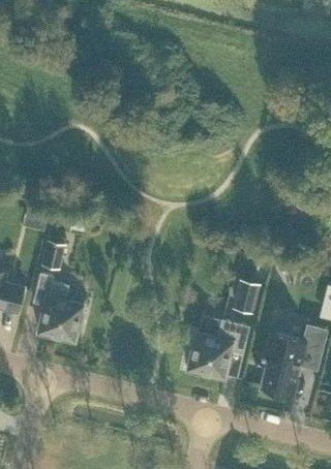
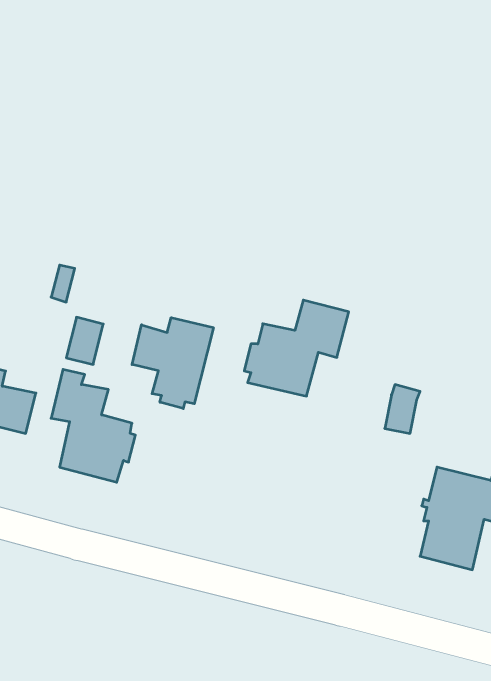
building: none -> [132,318,213,409]
building: [186,319,250,378] -> [244,300,349,396]

